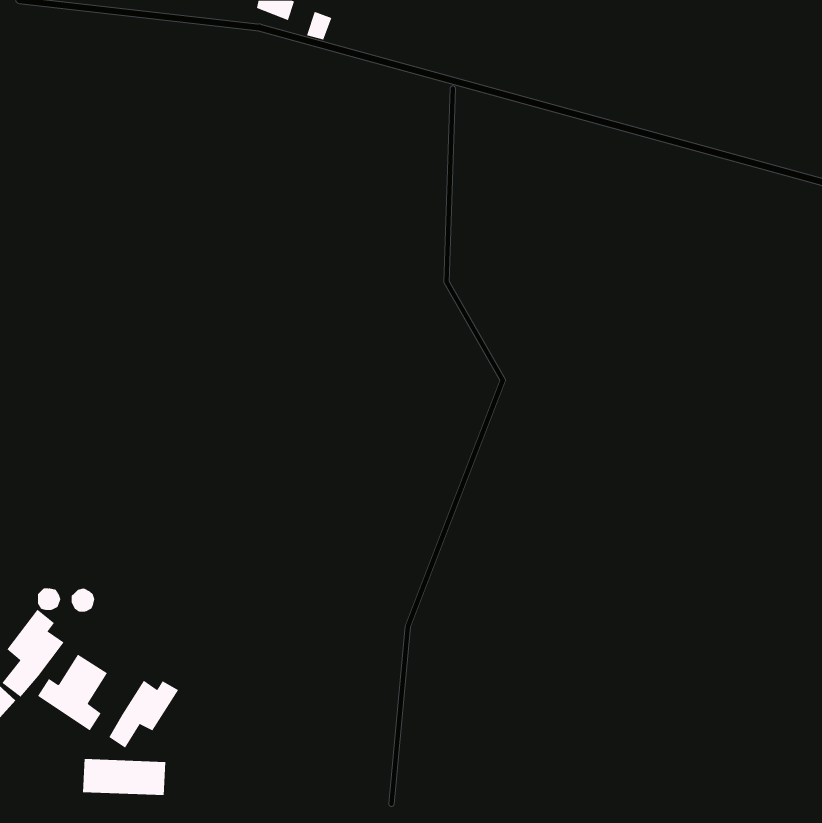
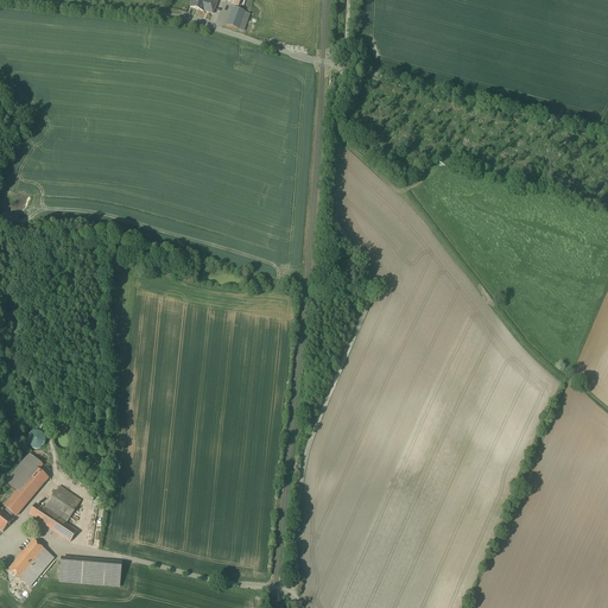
building: [109,680,179,748] -> none
building: none -> [7,539,56,589]

